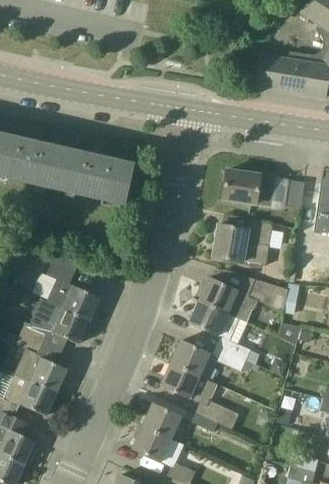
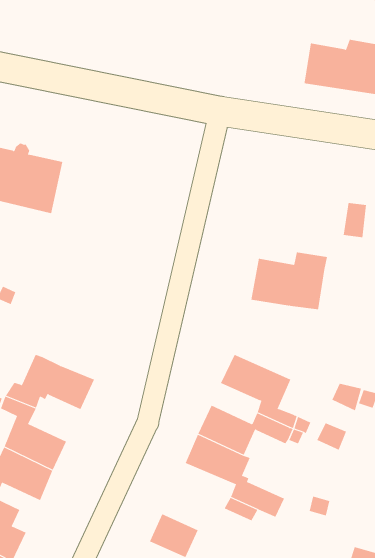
building: [55,147,132,203] -> none
building: [222,169,275,203] -> none
building: [47,255,99,319] -> none
building: [199,276,287,319] -> none
building: [142,402,181,438] -> none

